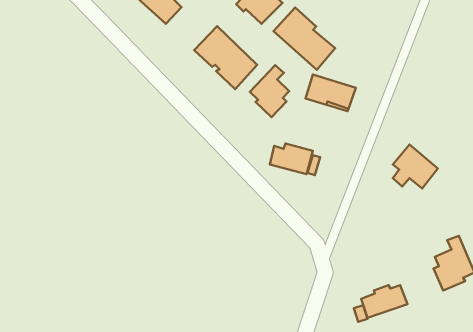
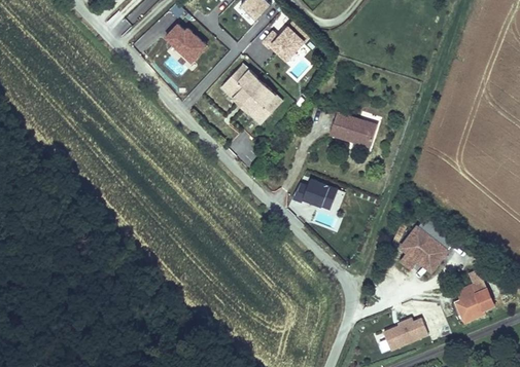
building: [274,7,335,70] -> none
building: [250,65,289,117] -> none
building: [393,144,438,189] -> [401,229,445,272]

